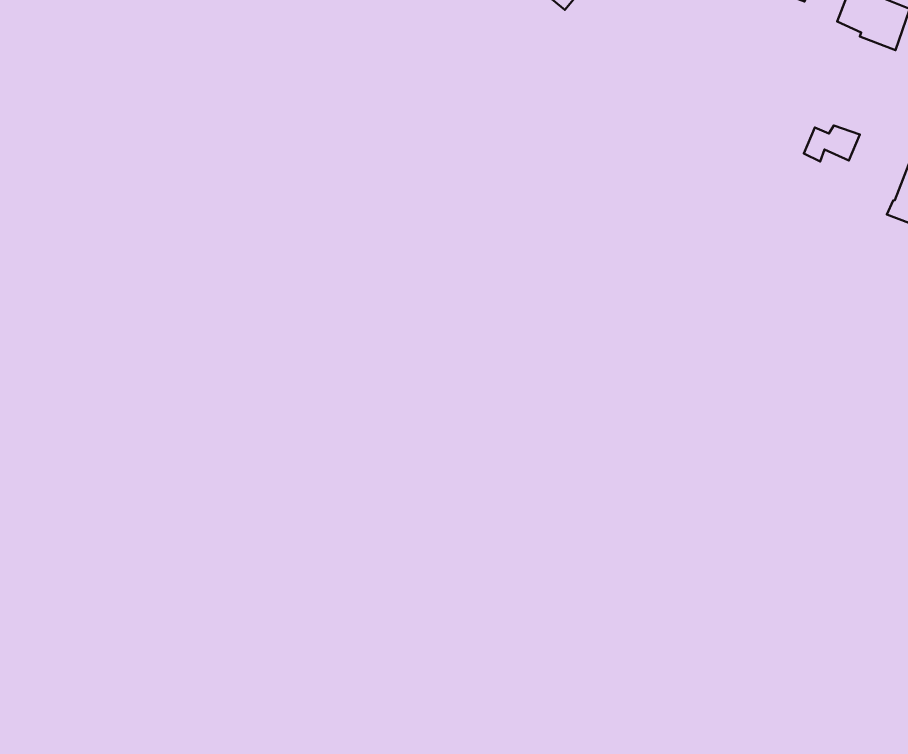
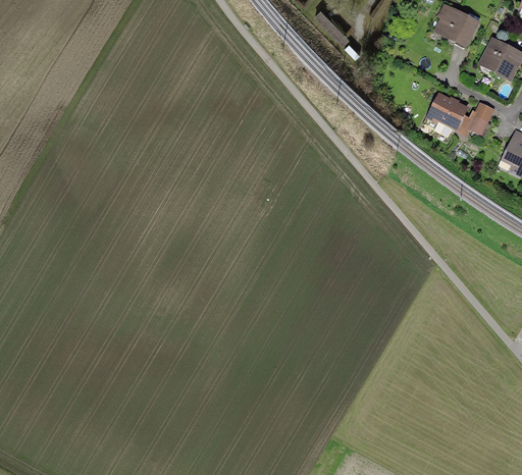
building: none -> [430,94,466,126]

